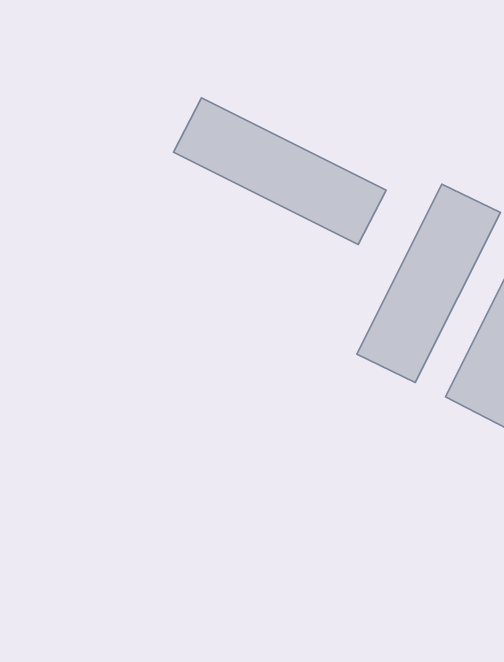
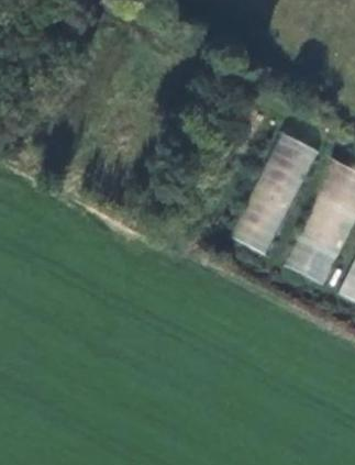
building: [174,98,386,244] -> none

